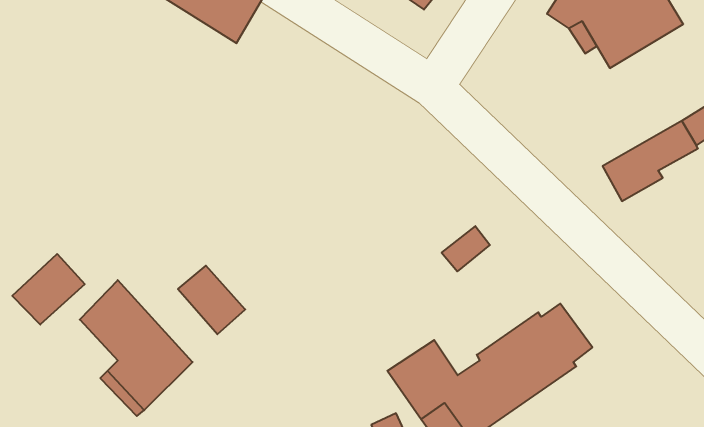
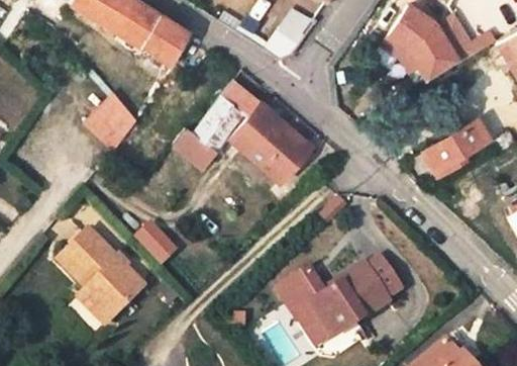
building: none -> [172,81,311,181]
building: none -> [88,94,138,154]
building: [12,254,85,325] -> none

